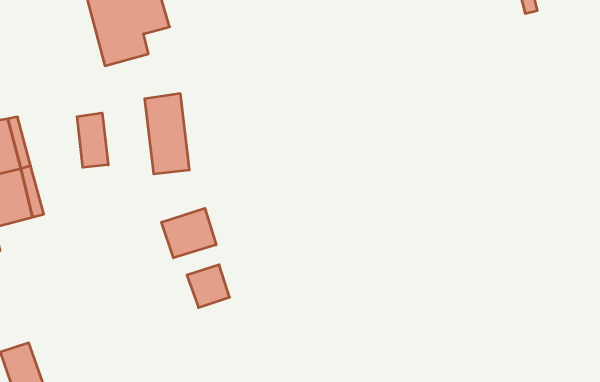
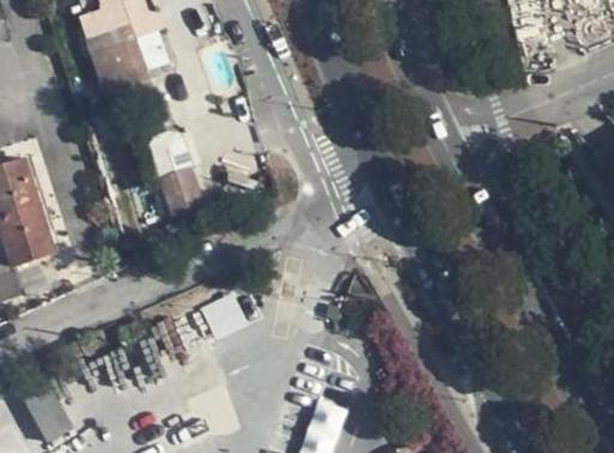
building: [77,113,108,167] -> none
building: [162,208,216,258] -> none

